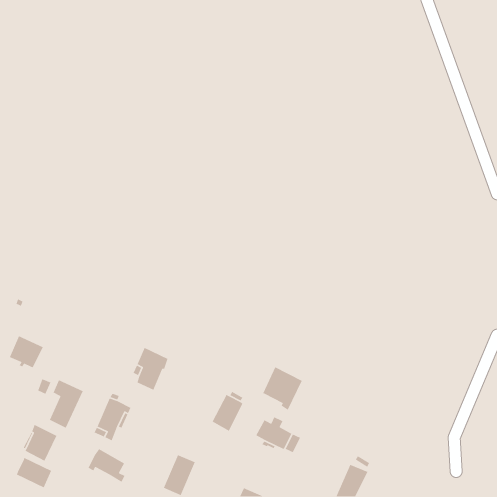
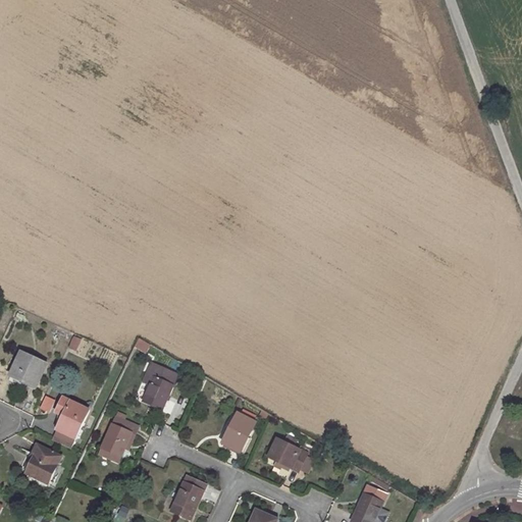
building: [262,366,303,411] -> none
building: [88,448,126,483] -> none
building: [16,457,52,489] -> none

